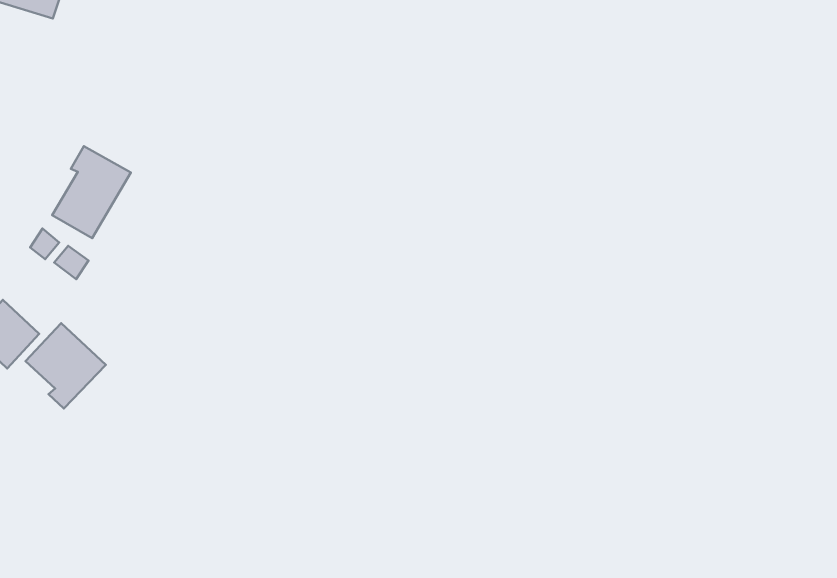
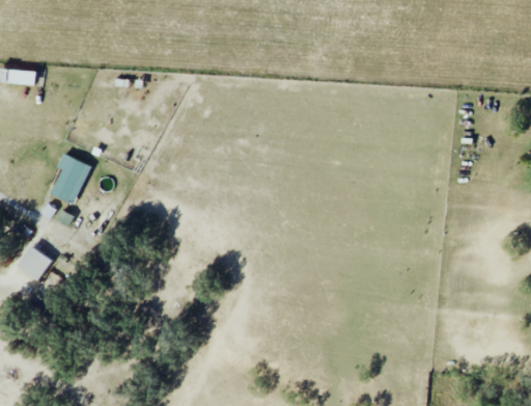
building: [25,323,106,409] -> none

